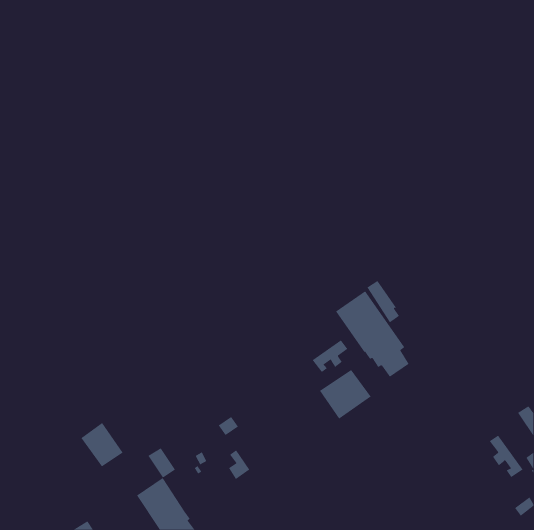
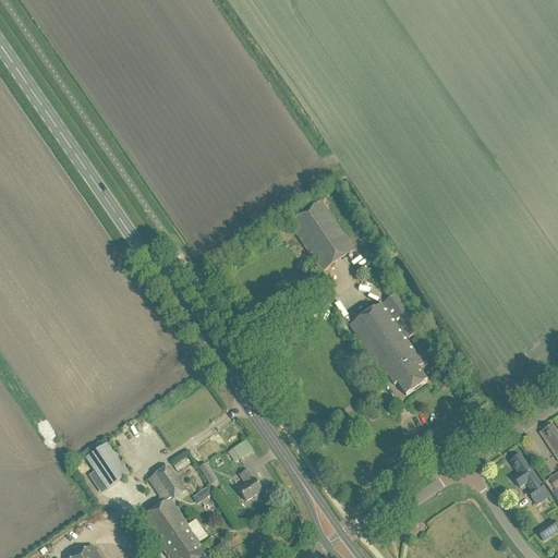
building: none -> [288,199,353,270]
building: [312,339,348,373] -> none
building: [319,369,371,419] -> none

